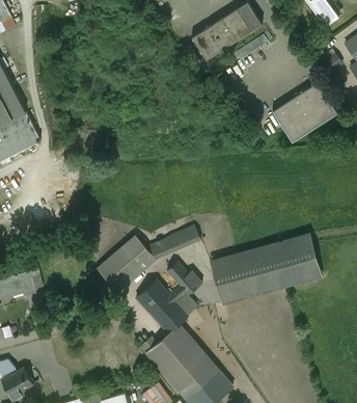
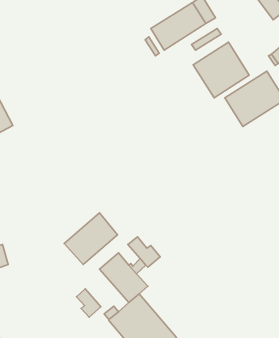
building: none -> [193,42,249,98]
building: [148,227,200,261] -> none
building: [209,234,321,303] -> none
building: none -> [77,289,101,317]

